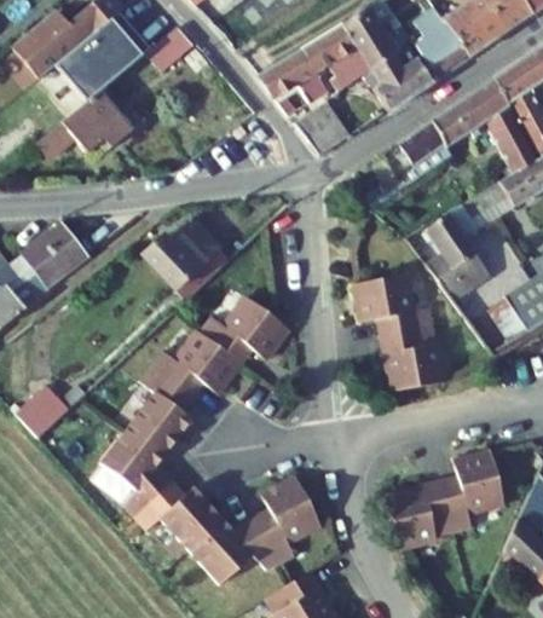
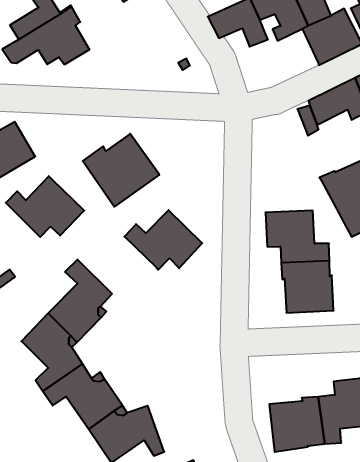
building: [295,100,351,155] -> none
building: [152,329,241,398] -> [6,176,84,237]
building: [253,478,320,565] -> none

